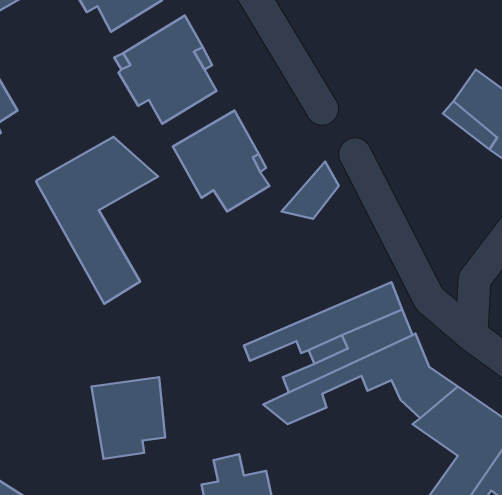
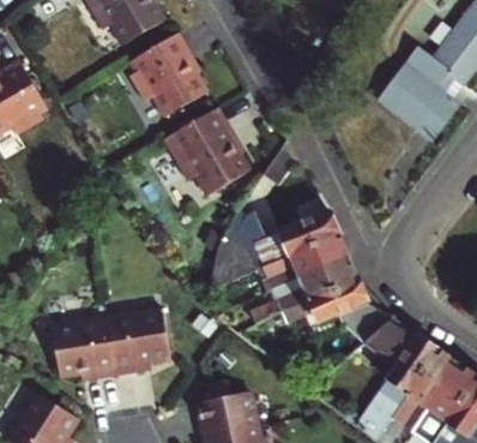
building: [36,137,158,304] -> none
building: none -> [212,209,344,293]
building: none -> [50,319,114,382]

